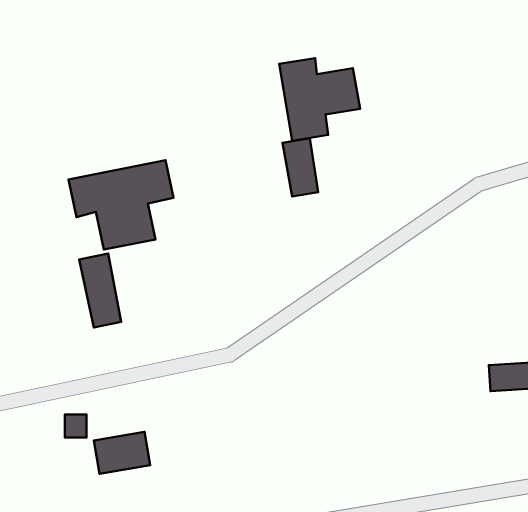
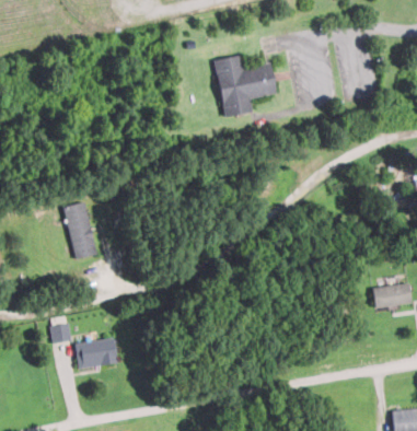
building: [283,138,318,196] -> none
building: [68,160,173,249] -> none

